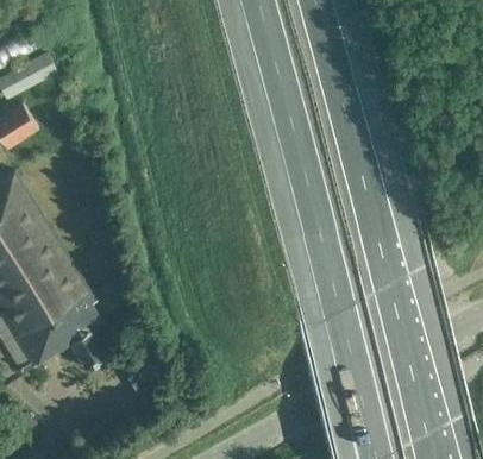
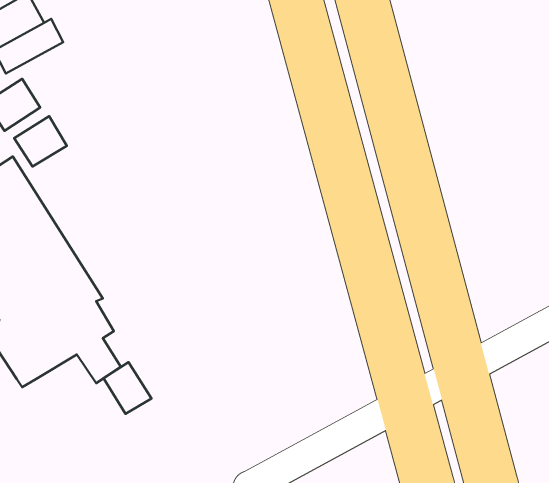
building: none -> [14,116,67,167]
building: none -> [104,362,152,414]

